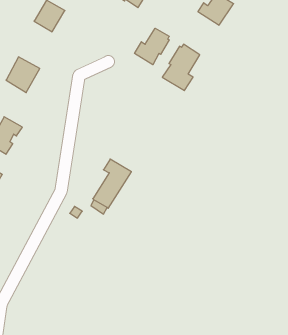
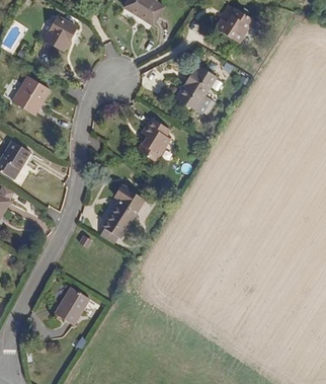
building: [135,28,169,65] -> none
building: none -> [138,119,170,161]
building: none -> [56,285,89,322]

